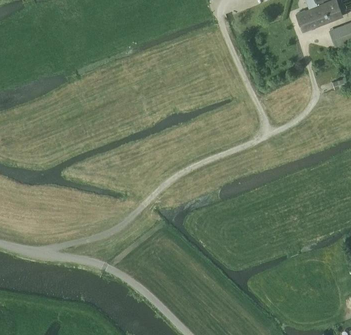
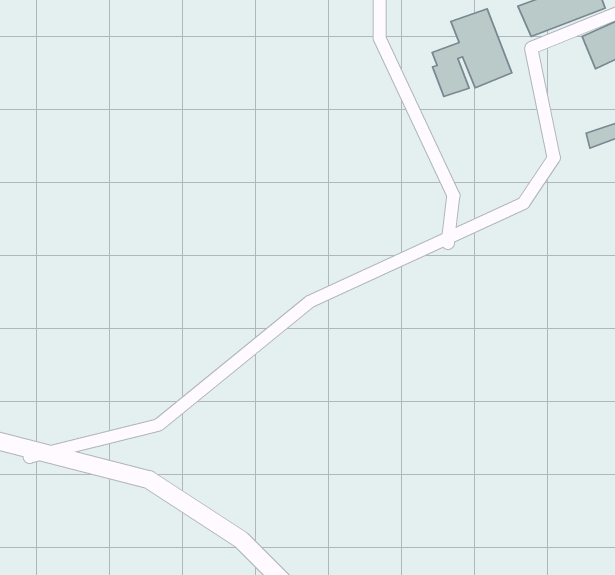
building: none -> [432,9,512,96]

